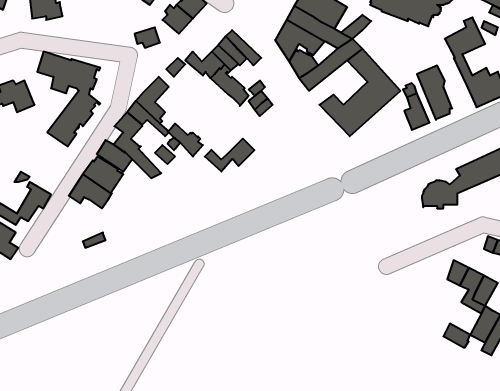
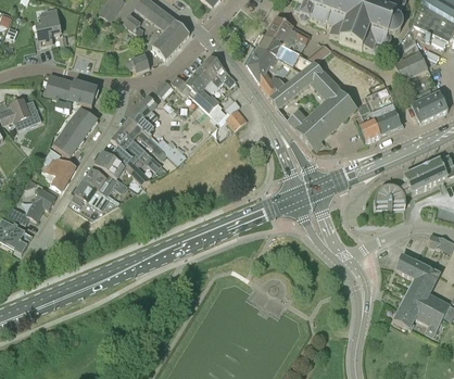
building: none -> [43,144,76,190]
building: [205,139,254,172] -> none
building: none -> [399,289,426,317]

